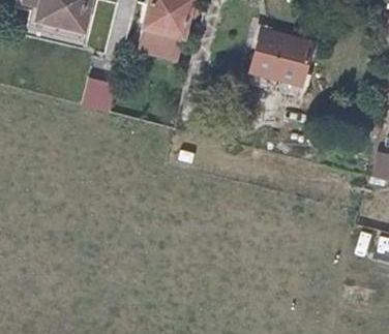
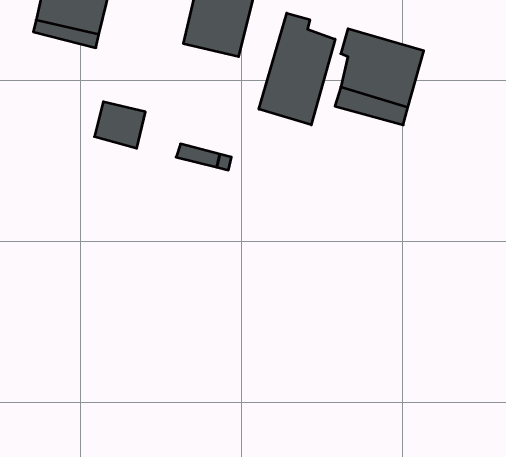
building: none -> [259,13,335,125]

